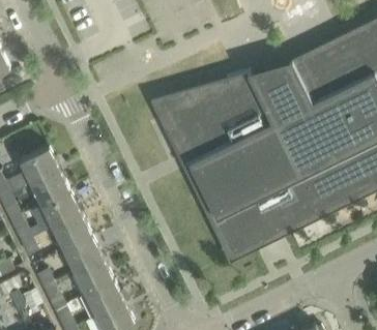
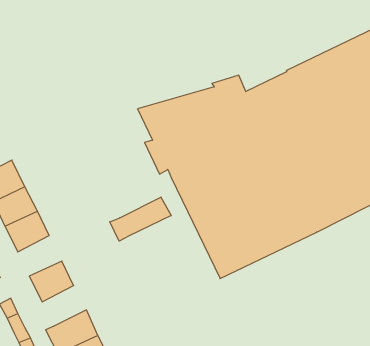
building: none -> [110,197,171,241]
building: [53,214,92,250] -> none
building: [75,259,114,295] -> none

